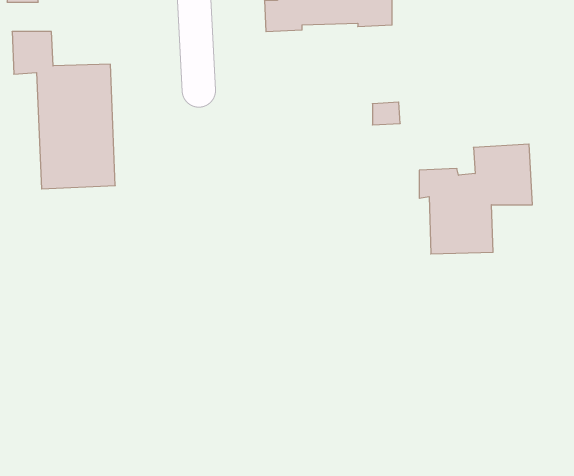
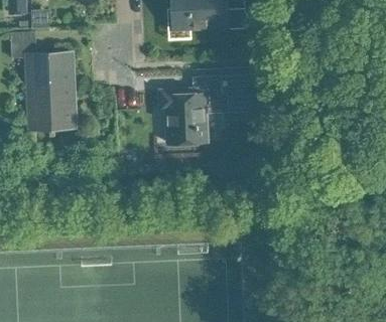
building: [419,144,532,254] -> [160,76,230,144]

